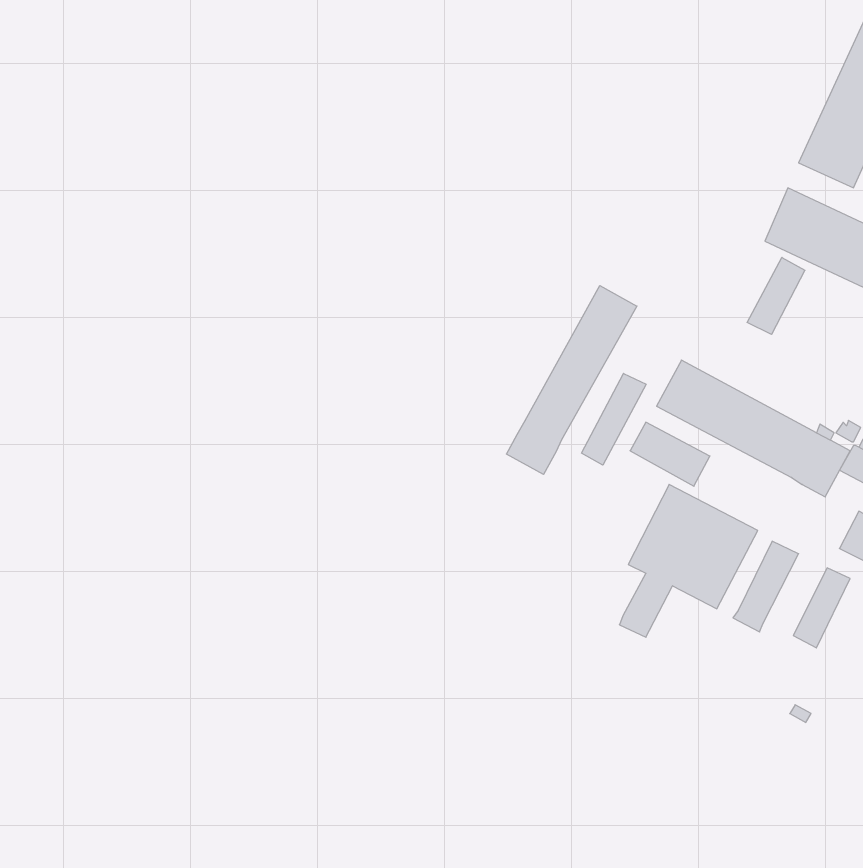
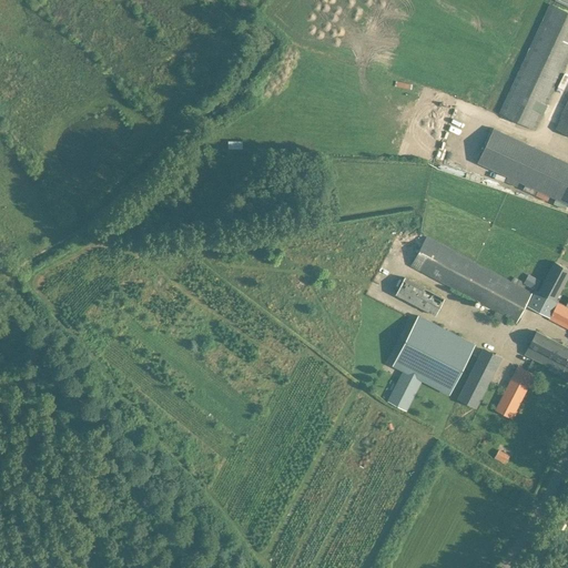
building: [747,257,805,334] -> none
building: [506,286,637,474] -> none
building: [582,373,646,465] -> none

